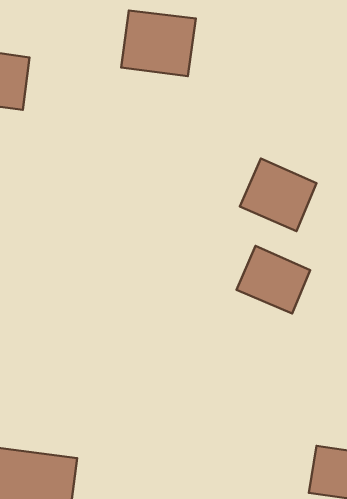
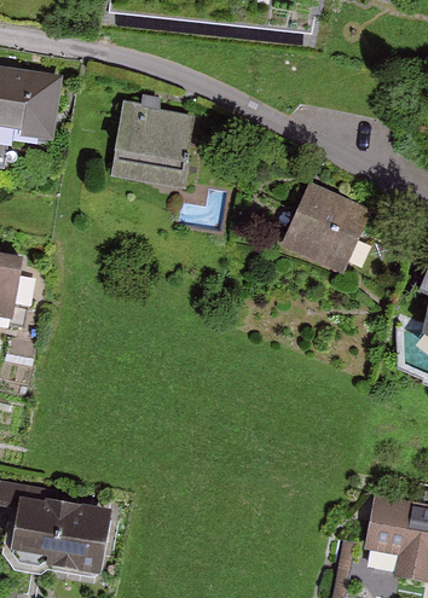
building: [121,11,196,76] -> [114,108,195,179]
building: [236,246,310,314] -> none

